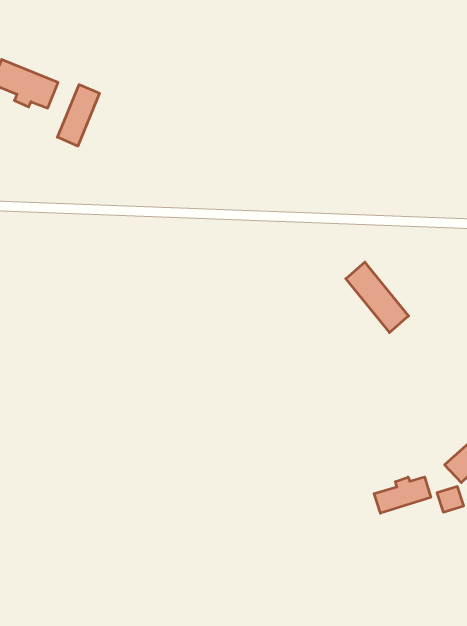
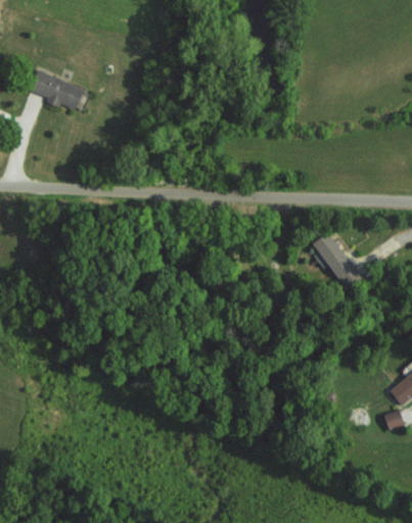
building: [57,85,99,146] -> none
building: [374,477,431,513] -> none

